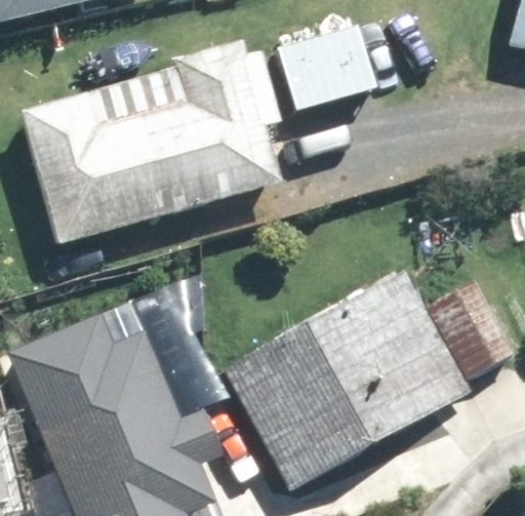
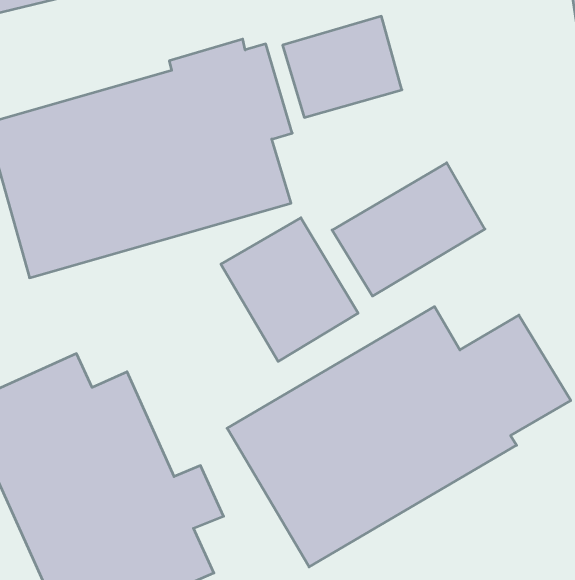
building: none -> [332,163,485,296]
building: none -> [221,218,358,361]

